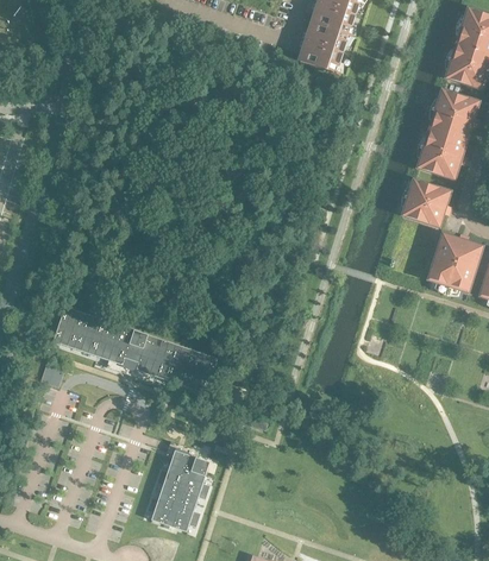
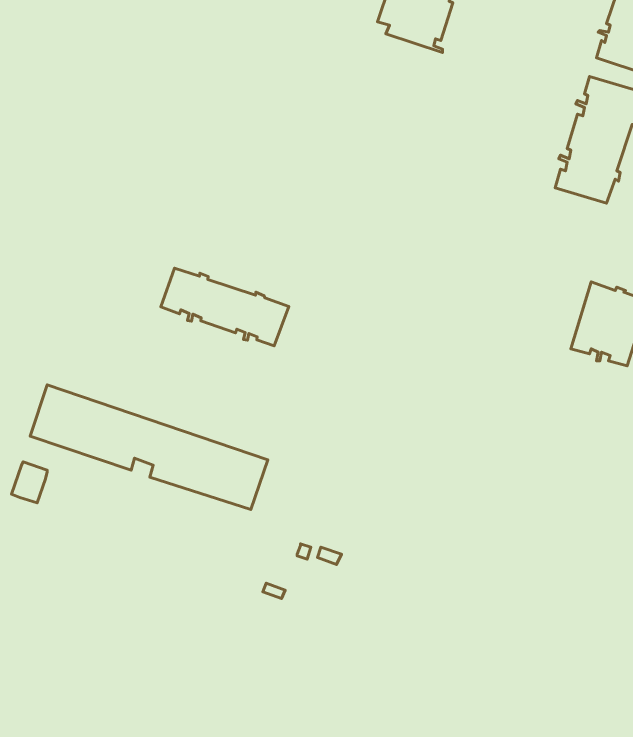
building: [401,179,449,226] -> none
building: none -> [161,268,289,346]
building: [145,447,209,529] -> none

